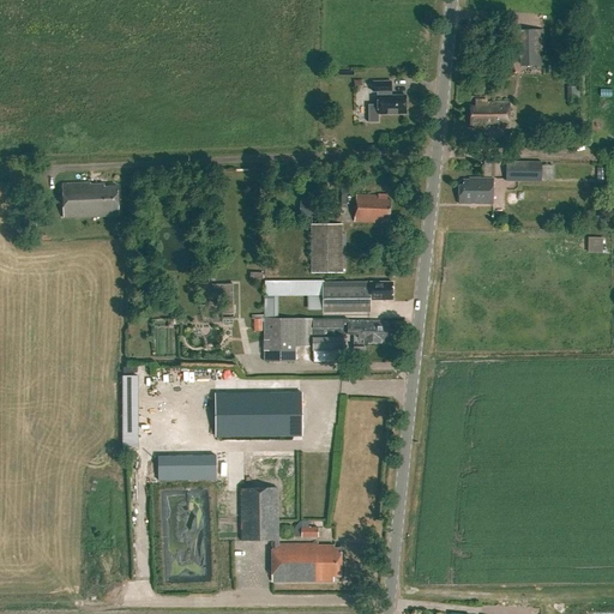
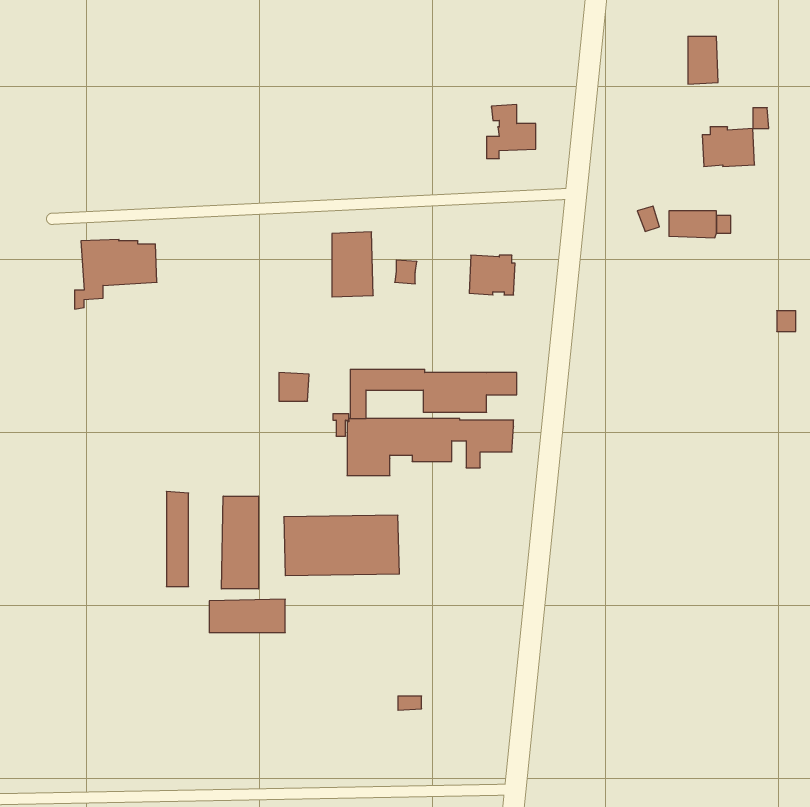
building: [469,100,508,130] -> [702,127,755,166]
building: [458,176,493,203] -> none
building: [311,224,342,273] -> [332,232,373,297]
building: none -> [221,496,258,589]
building: [239,487,341,582] -> none

